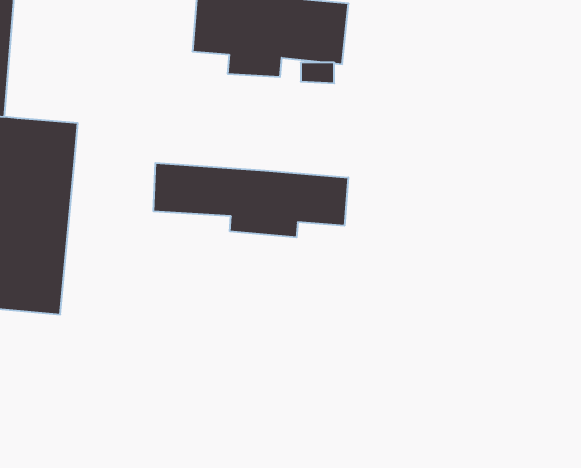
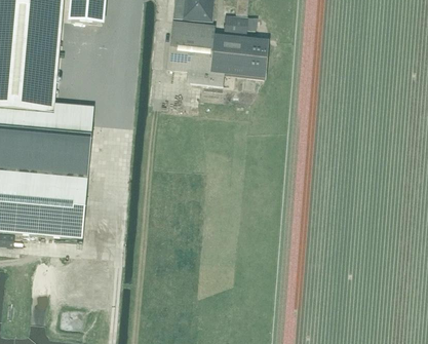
building: [154,163,348,237] -> none

